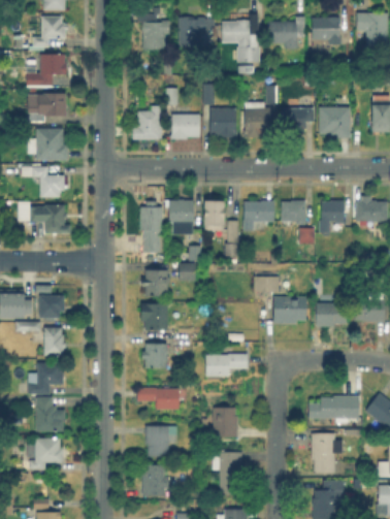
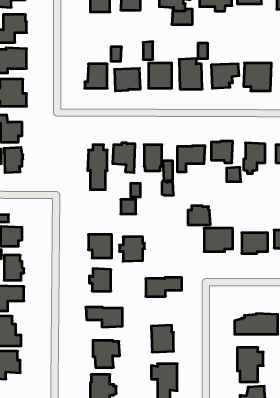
building: [140,269,169,297] -> [119,237,145,261]

